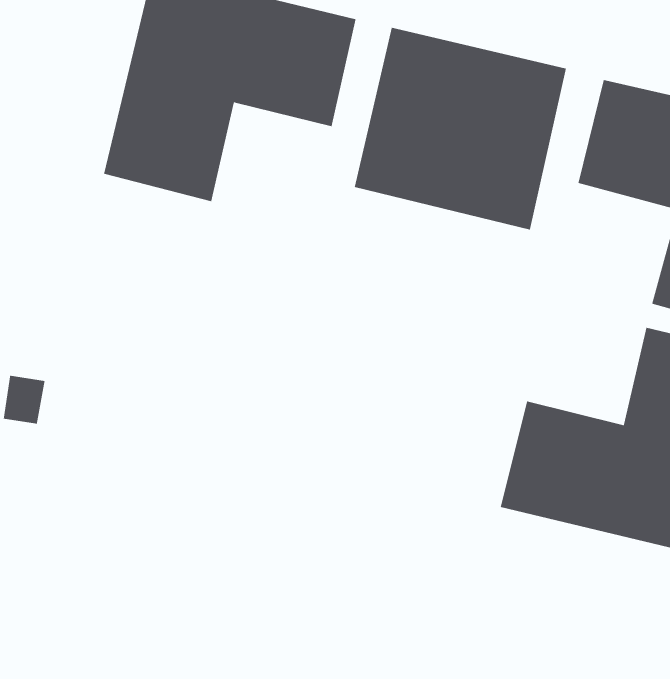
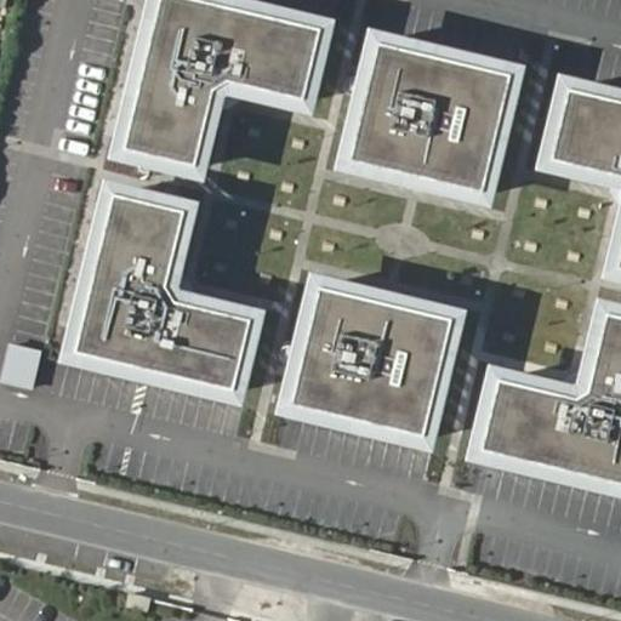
building: none -> [58,177,267,405]
building: none -> [278,270,468,452]

